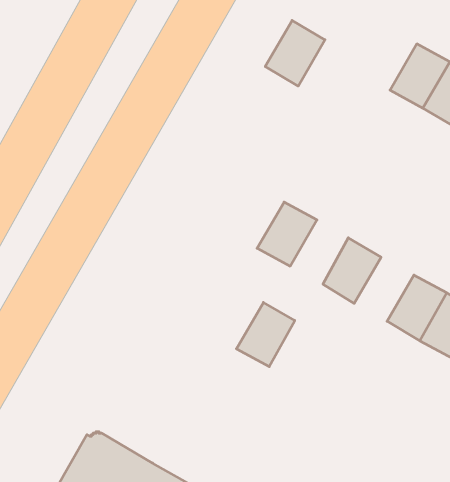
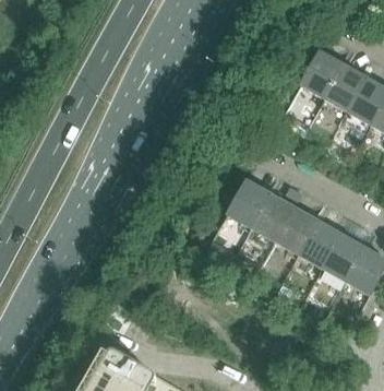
building: [265,20,325,86] -> [299,49,343,97]
building: none -> [297,220,340,266]
building: [236,302,295,367] -> [250,192,292,239]

